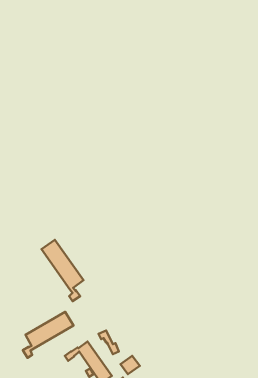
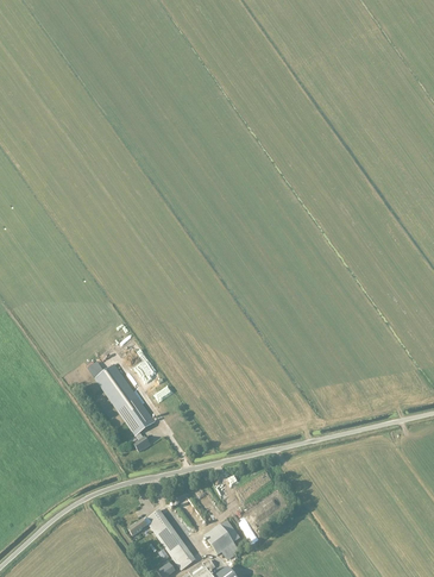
building: [23,312,74,358] -> none

